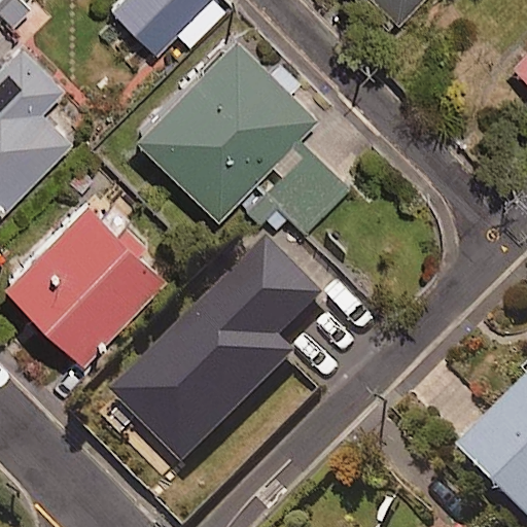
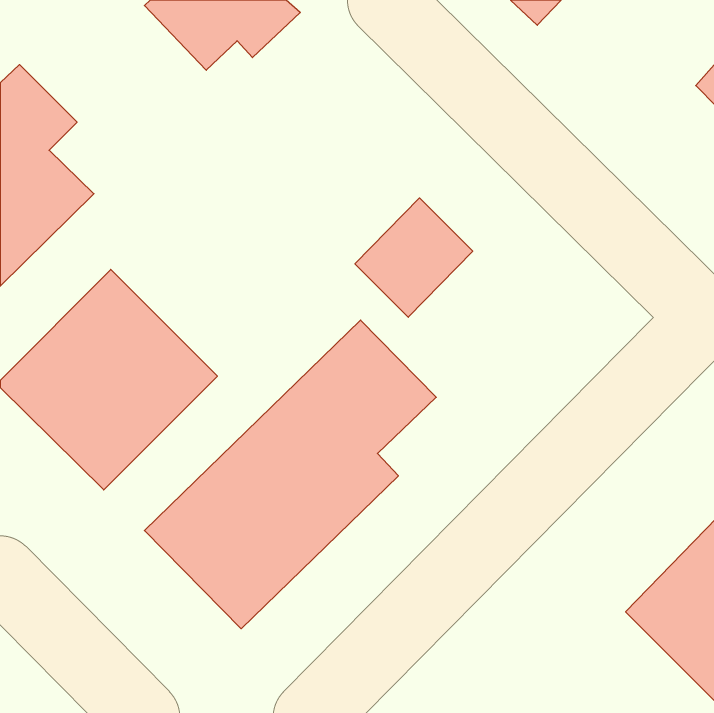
building: [130,33,316,219] -> none

